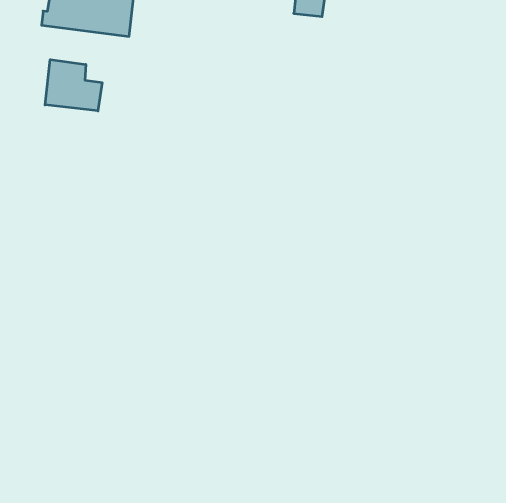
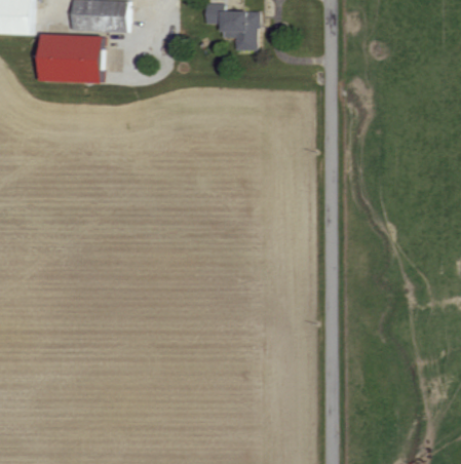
building: [45,60,102,111] -> none

